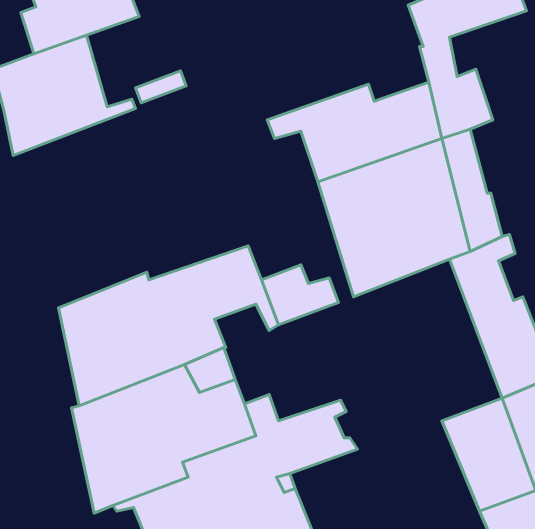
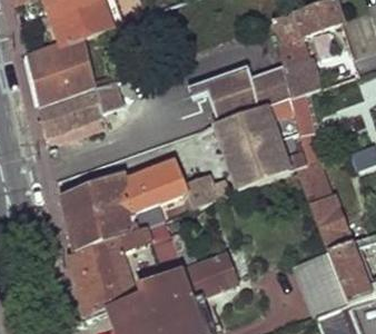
building: none -> [40,73,135,136]

